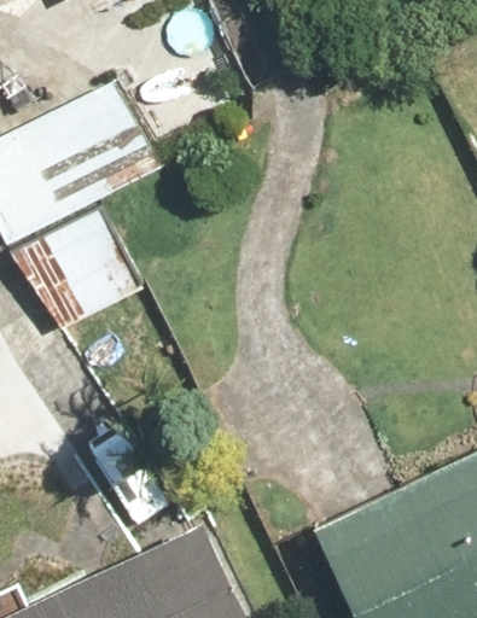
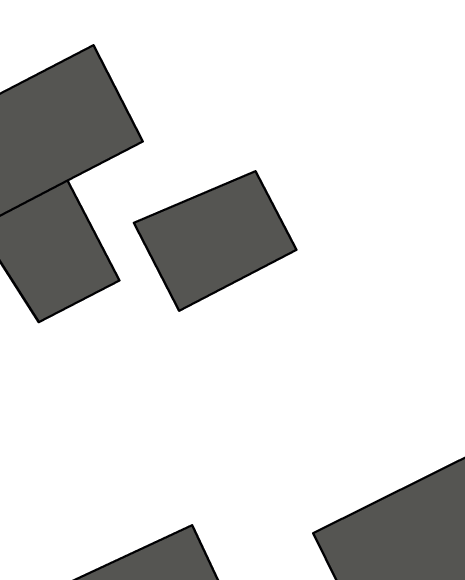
building: none -> [134,171,297,311]

